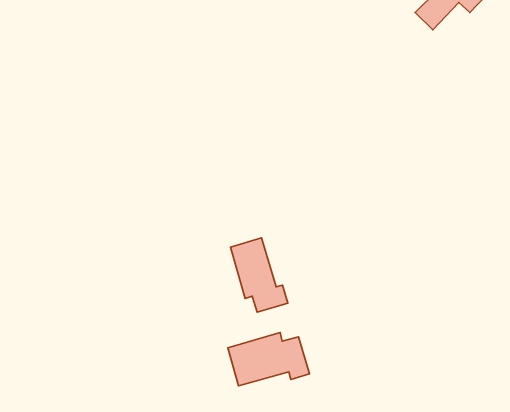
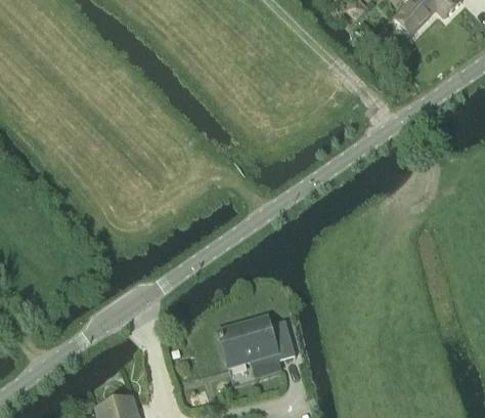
building: [230,238,288,312] -> none

